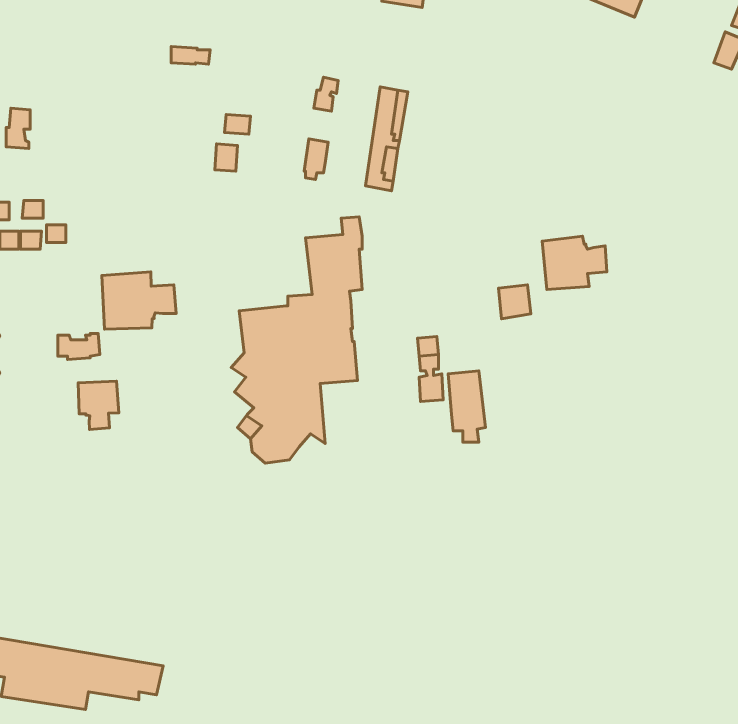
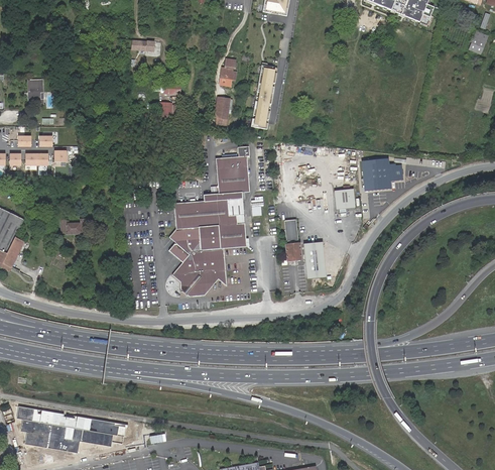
building: [102,272,176,329] -> none
building: [78,381,119,429] -> none

